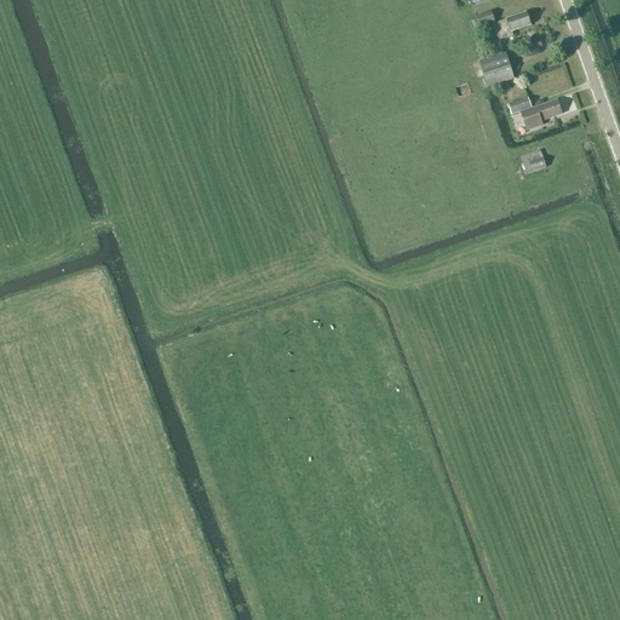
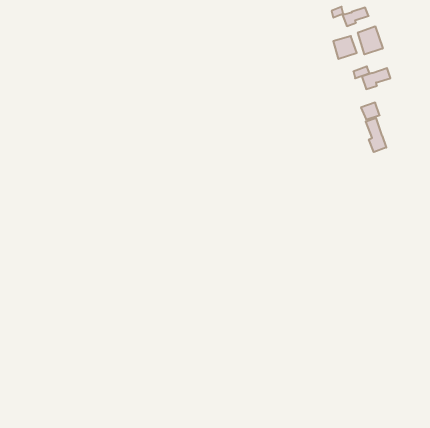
building: none -> [358,26,383,54]
building: none -> [366,118,386,152]

